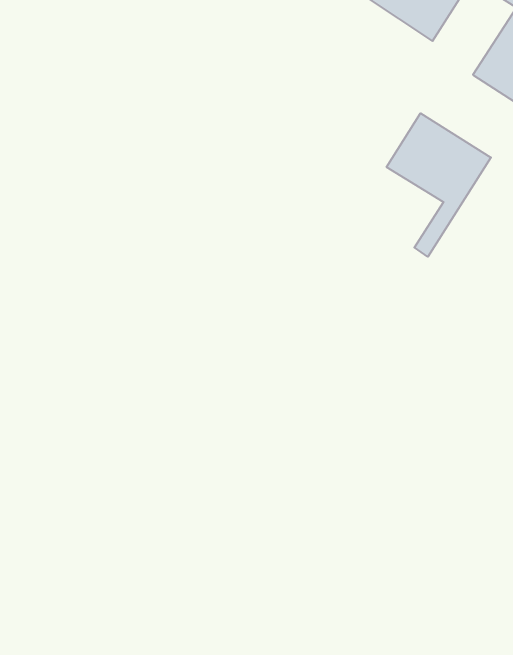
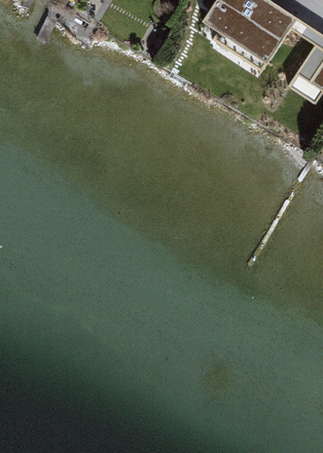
building: [387,113,491,257] -> none

